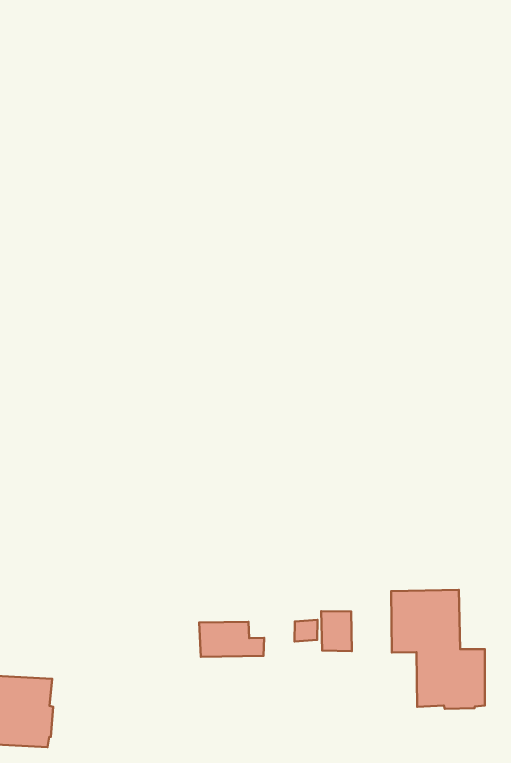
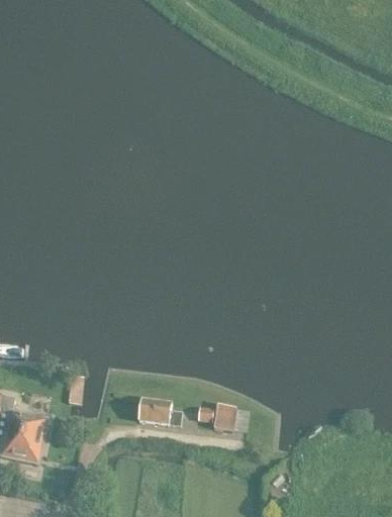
building: [391,590,485,709] -> none

